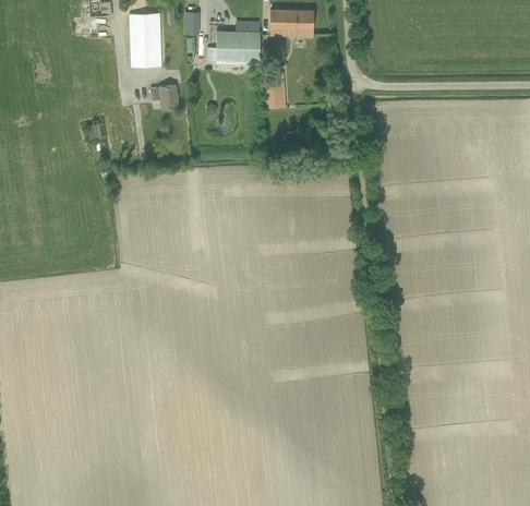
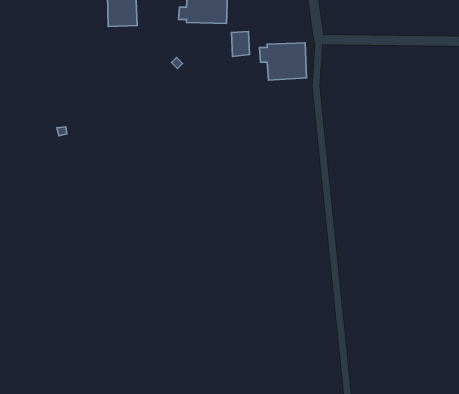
building: [149,84,178,109] -> none
building: none -> [259,43,307,80]

